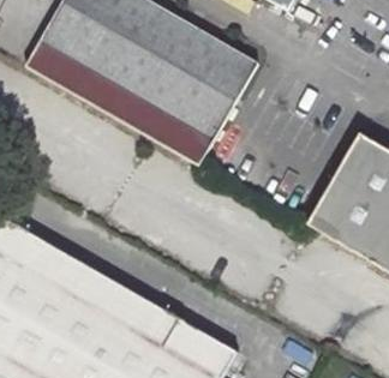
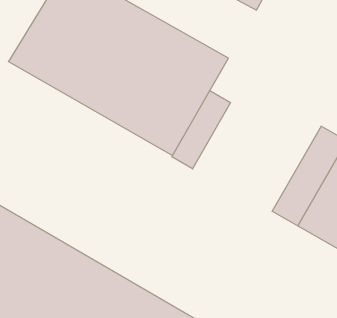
building: none -> [172,91,231,169]

